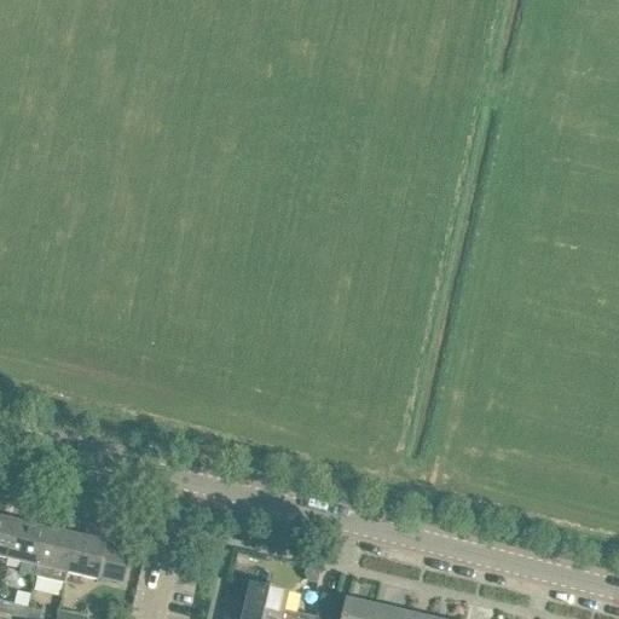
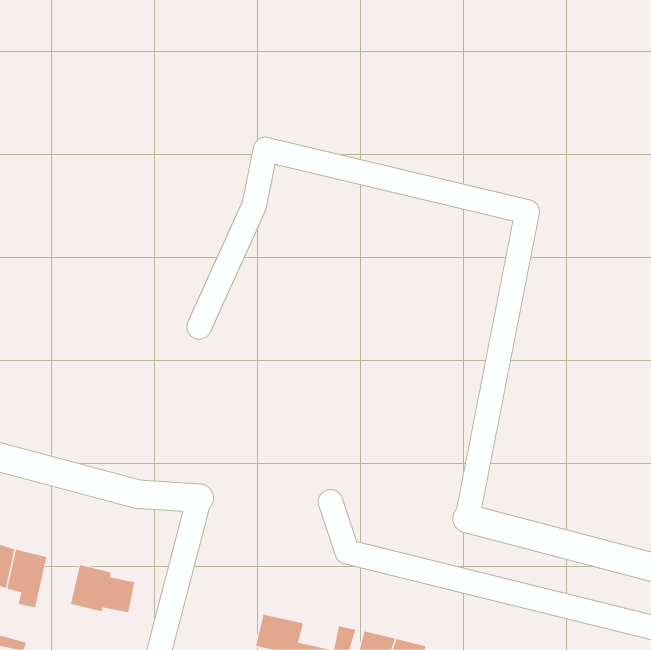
building: [34,527,75,583] -> none

